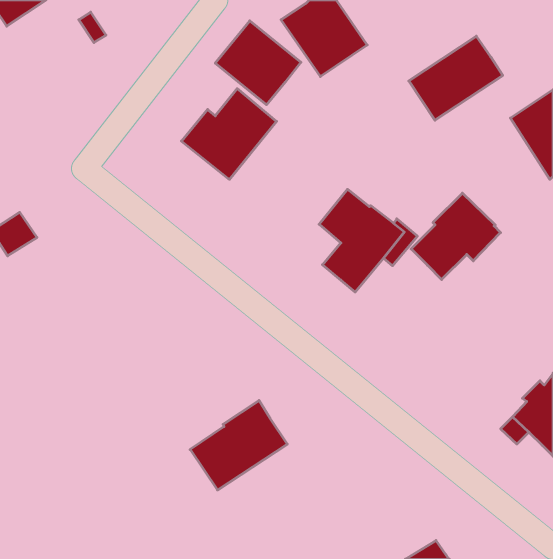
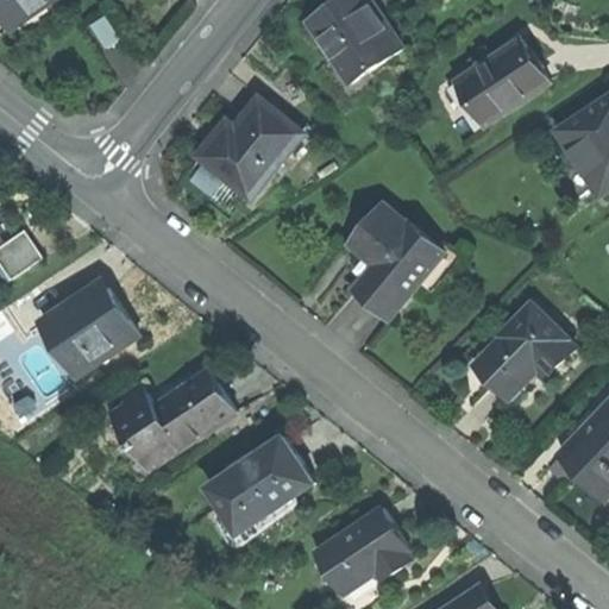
building: [215,21,301,105] -> none
building: [411,193,501,280] -> [473,303,571,397]
building: none -> [36,281,132,375]
building: none -> [111,371,233,469]
building: none -> [314,508,412,594]

